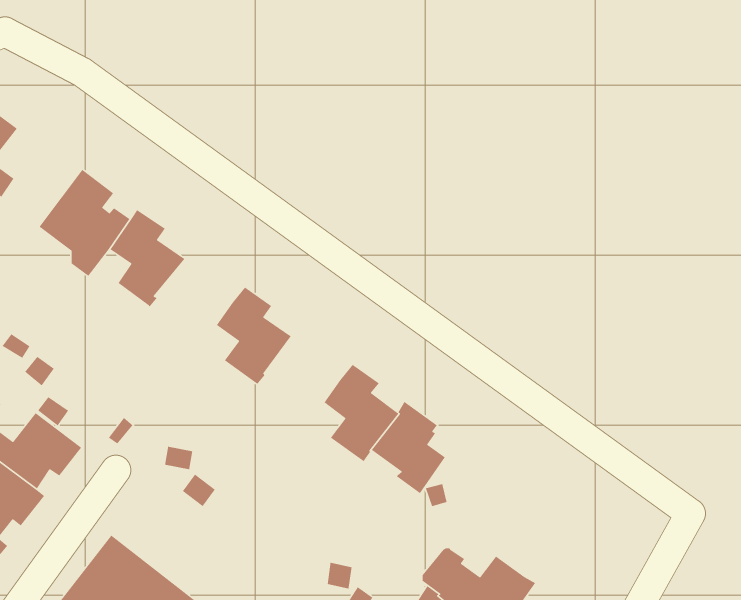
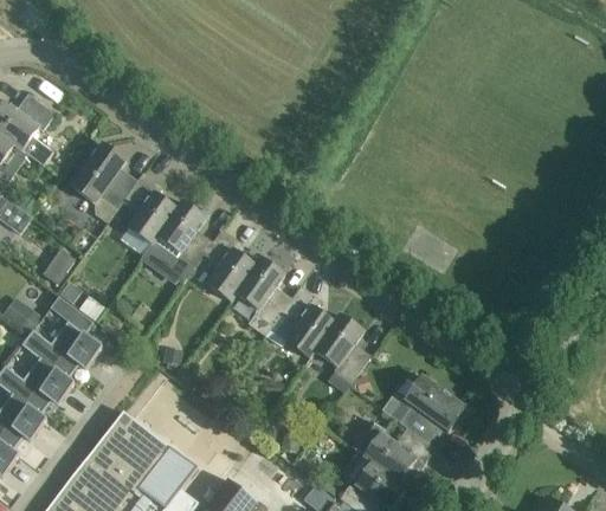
building: none -> [140,200,212,285]
building: none -> [236,257,291,335]
building: none -> [381,376,465,442]

